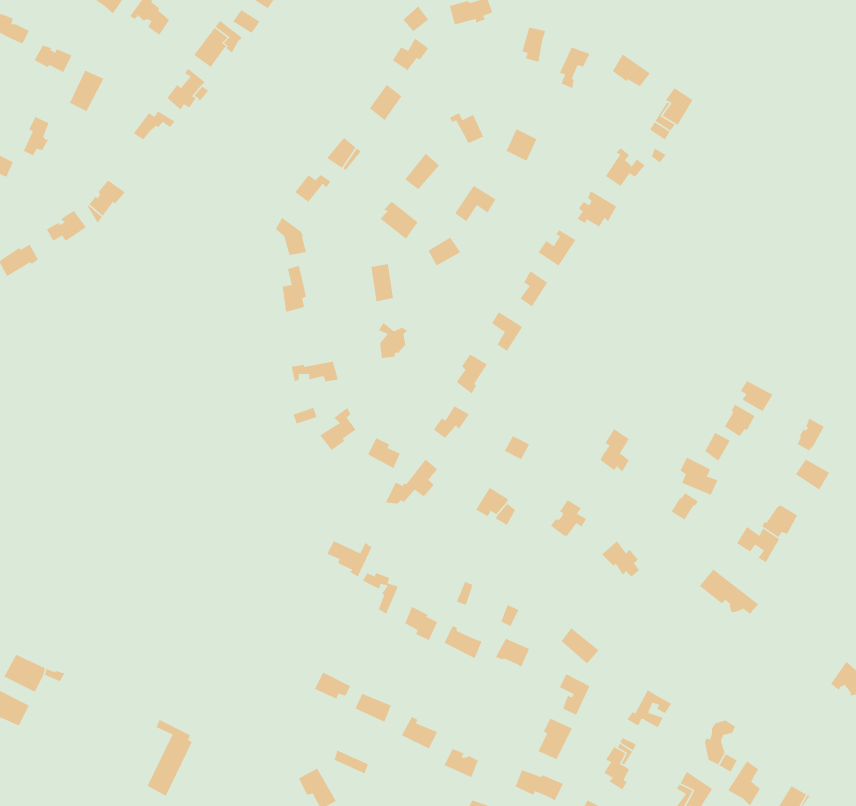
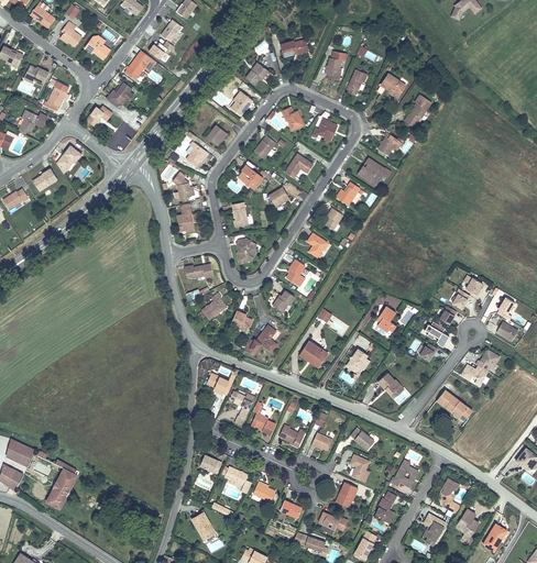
building: [147,719,193,797] -> [45,461,74,509]

